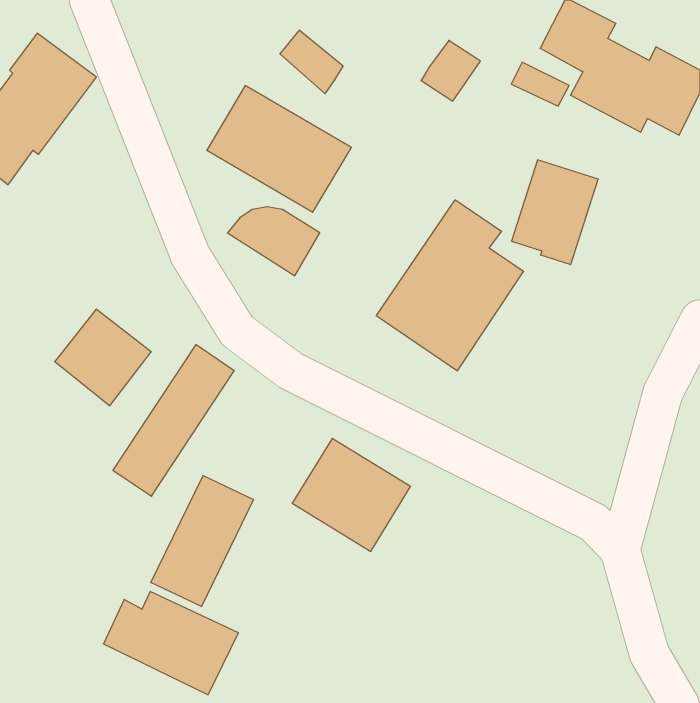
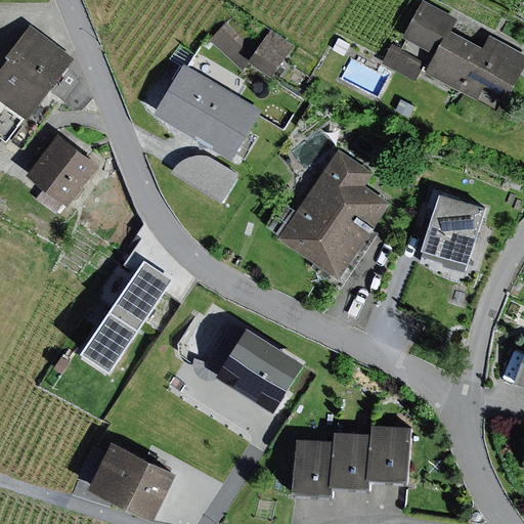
building: [421,40,480,101] -> [249,31,293,76]
building: [511,160,598,265] -> [421,193,485,271]
building: [55,309,151,406] -> [28,133,99,205]
building: [151,476,253,607] -> none
building: none -> [293,424,411,497]

